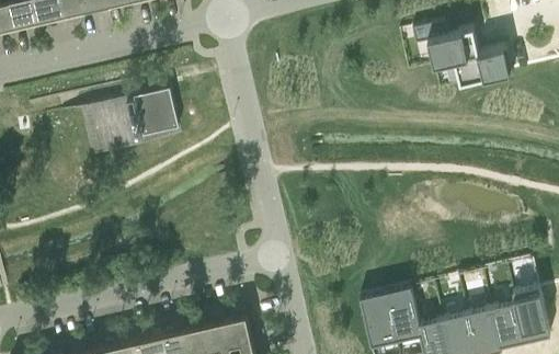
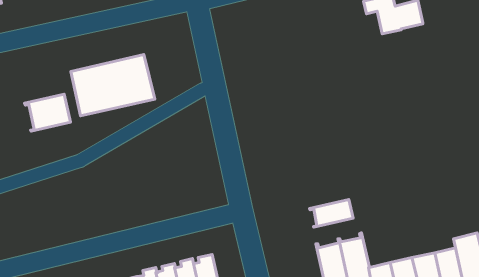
building: [454,47,509,85] -> none
building: none -> [25,94,71,131]
building: none -> [309,199,353,227]

